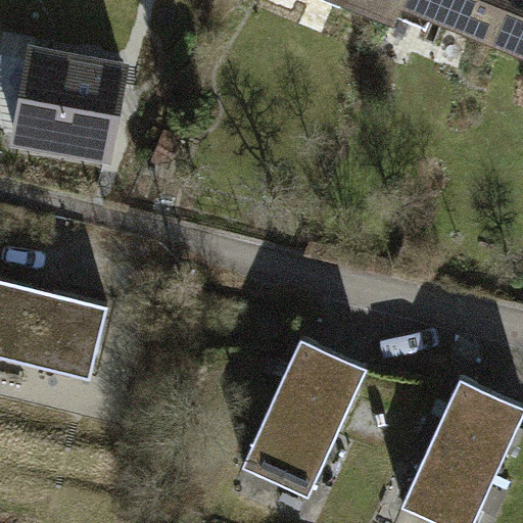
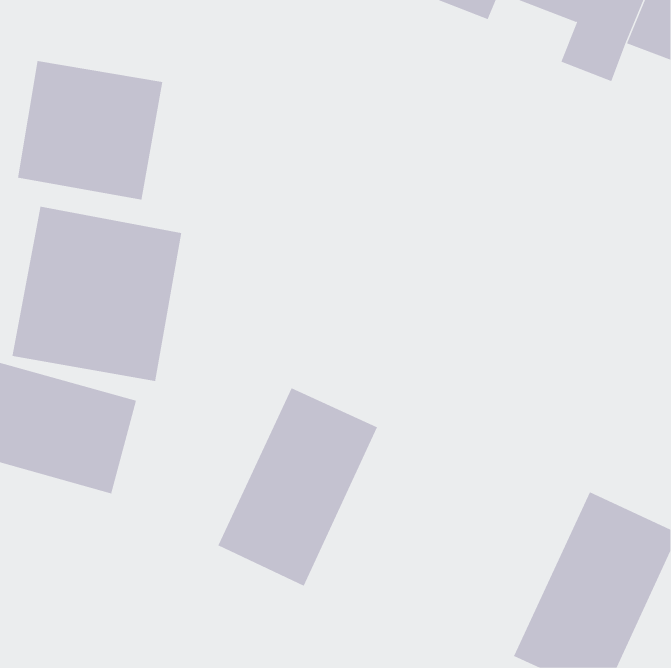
building: none -> [12,206,182,382]
building: [242,342,367,496] -> [217,388,378,586]

